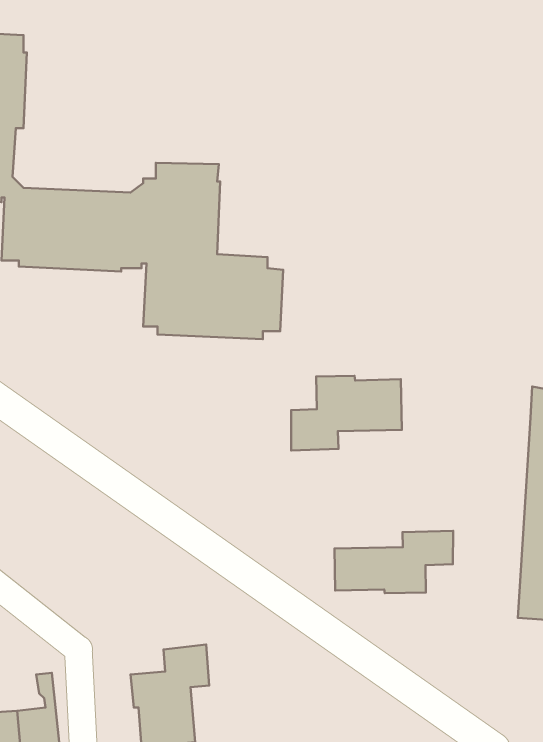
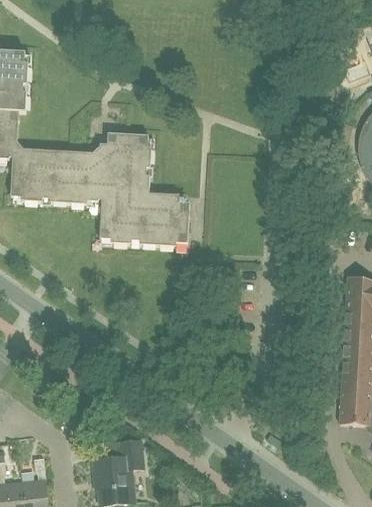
building: [291,376,402,450] -> none
building: [334,531,453,593] -> none

